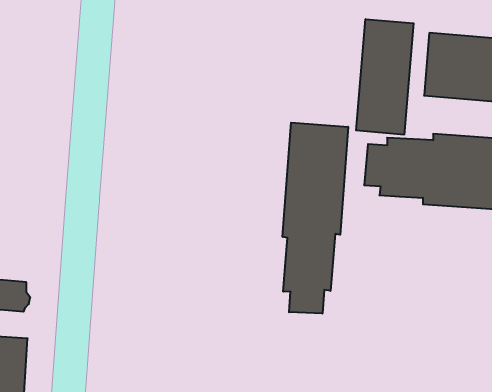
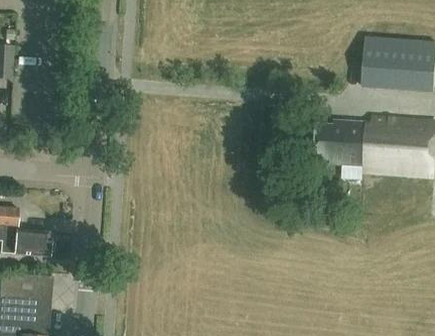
building: [356,19,414,135] -> none
building: [283,123,348,314] -> none

